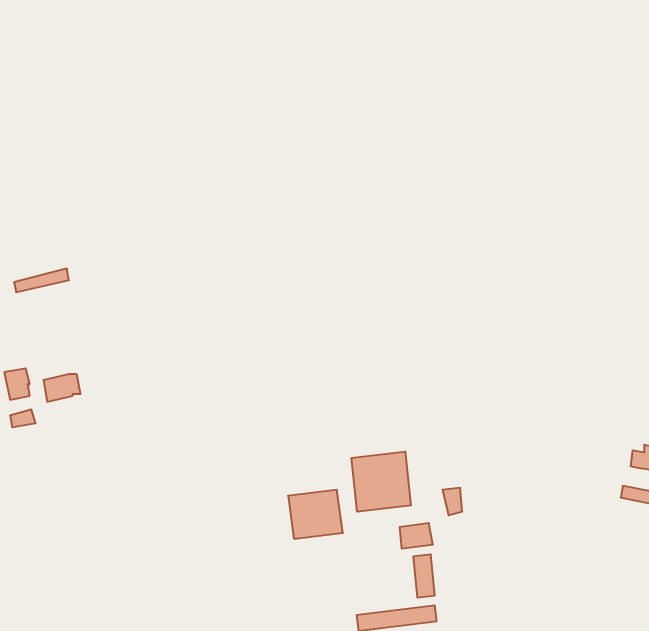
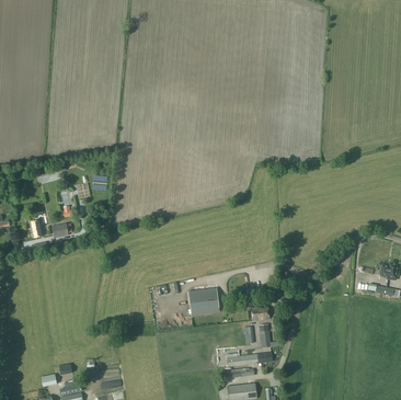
building: [352,451,411,512] -> none

